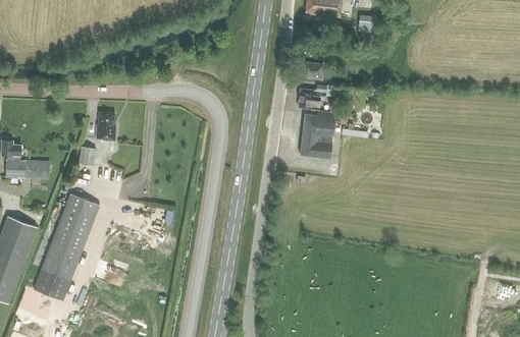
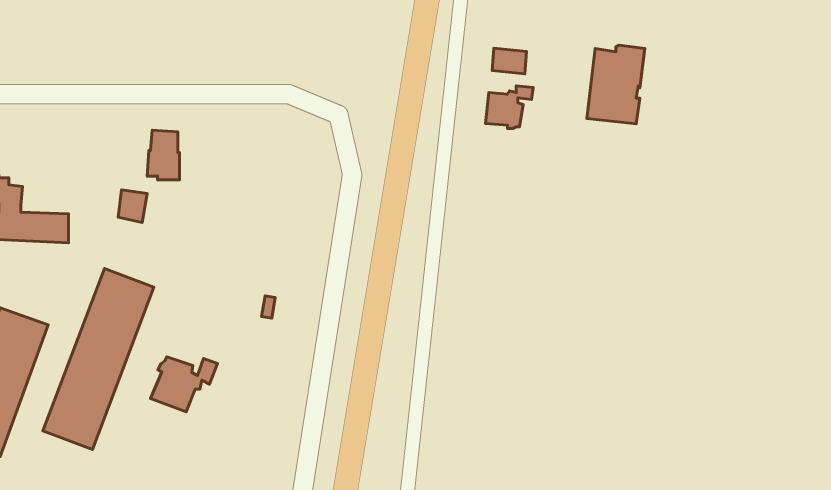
building: [300,111,334,158] -> [587,45,645,124]
building: none -> [151,357,217,412]

